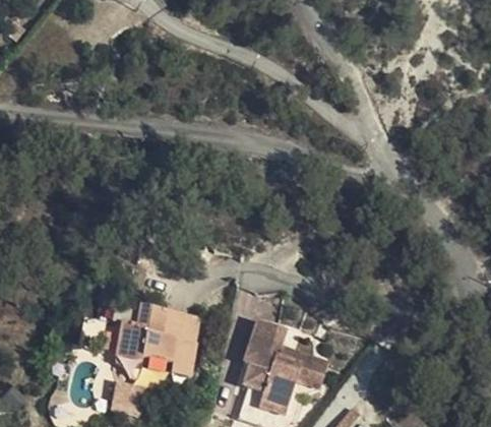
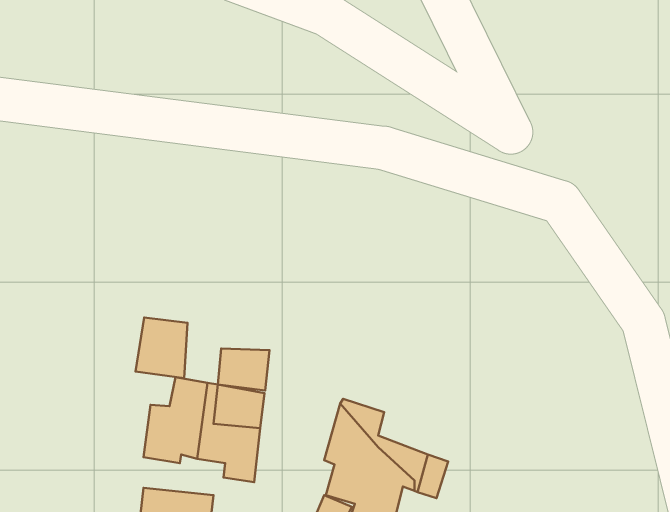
building: none -> [136,317,187,378]
building: none -> [218,349,270,390]

